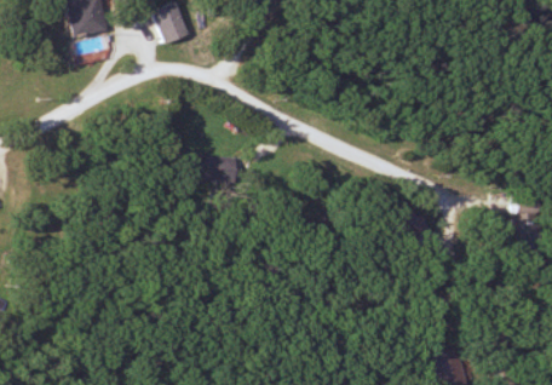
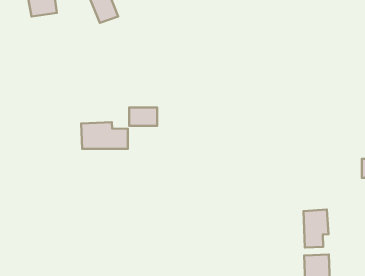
building: none -> [81,122,128,149]
building: none -> [304,210,329,248]

